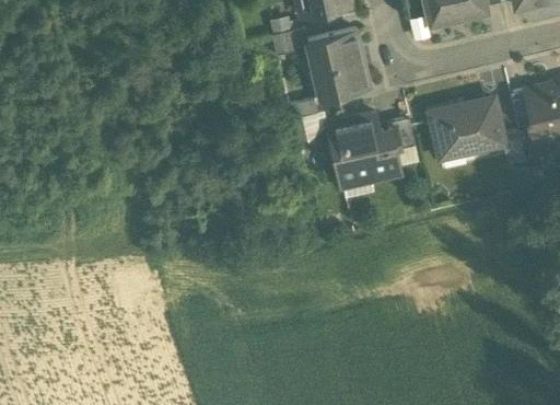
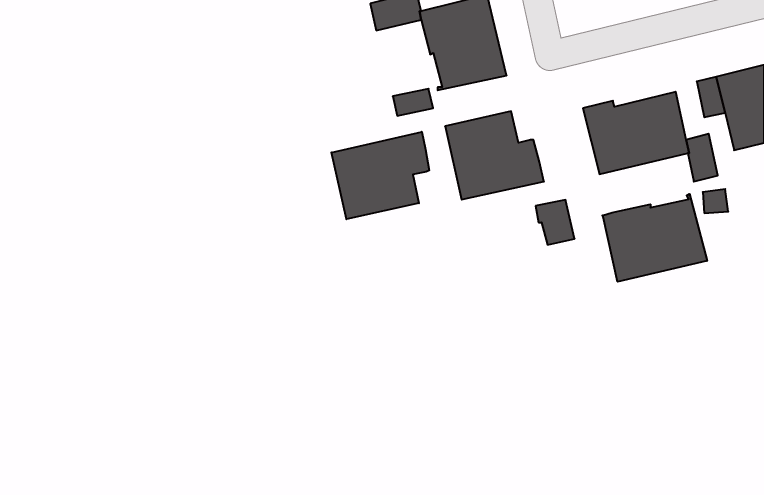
building: [386,119,415,152] -> [536,200,575,245]
building: none -> [331,132,429,219]
building: none -> [602,194,707,282]

